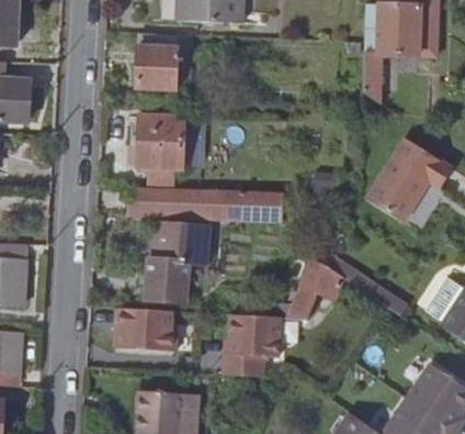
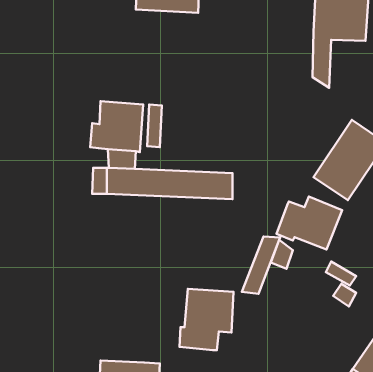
building: [135,48,178,92] -> none
building: none -> [277,196,342,249]
building: [146,226,209,302] -> none
building: [114,308,177,353] -> none

